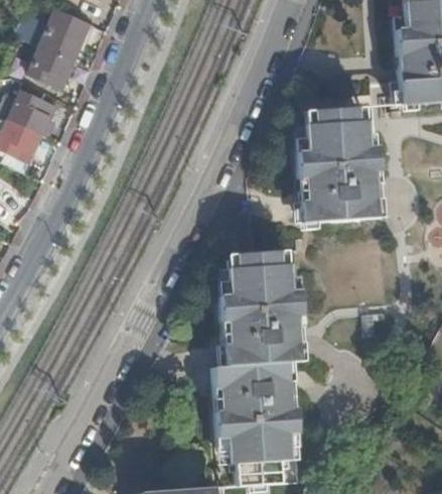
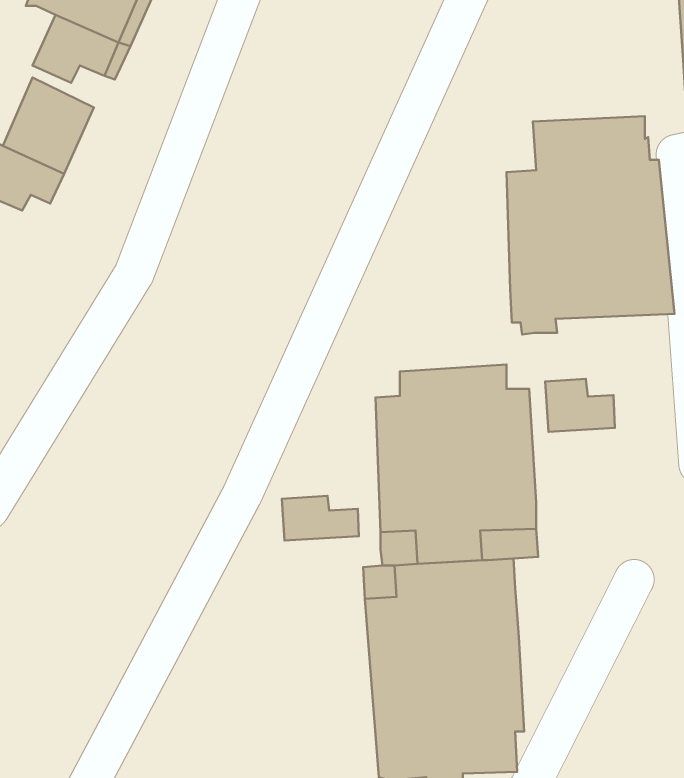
building: none -> [545,379,615,432]
building: none -> [282,496,359,541]

